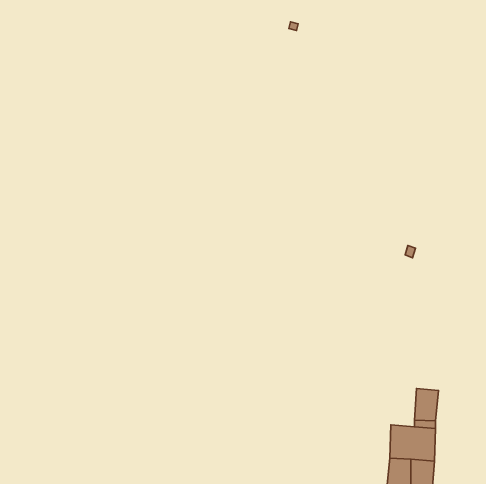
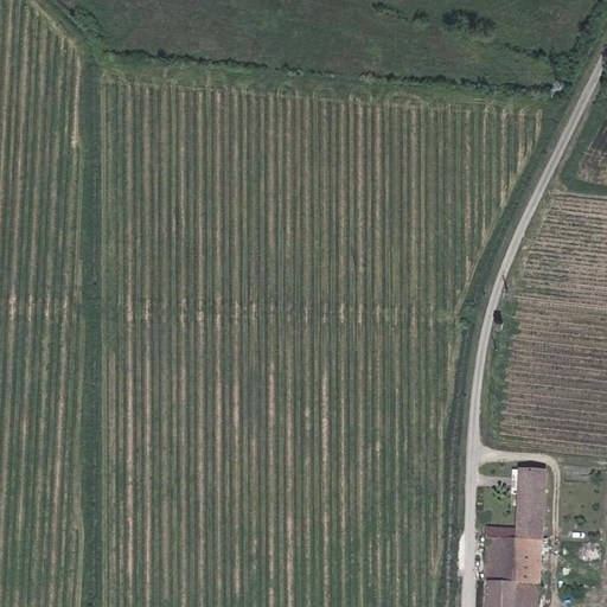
building: none -> [518,465,548,490]

